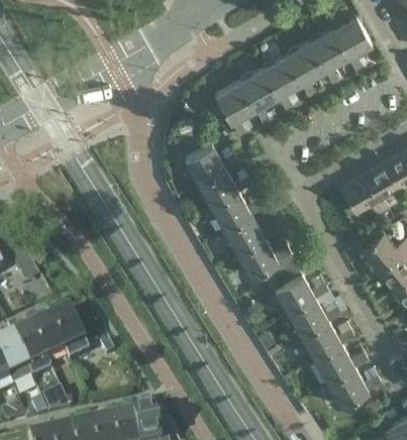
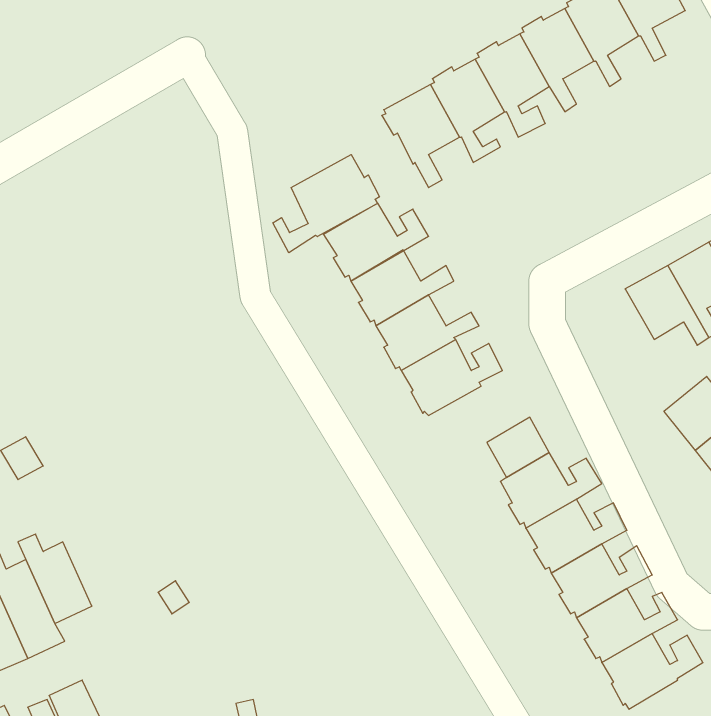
building: none -> [273,155,379,253]
building: [237,237,290,277] -> none
building: [47,309,87,361] -> none

